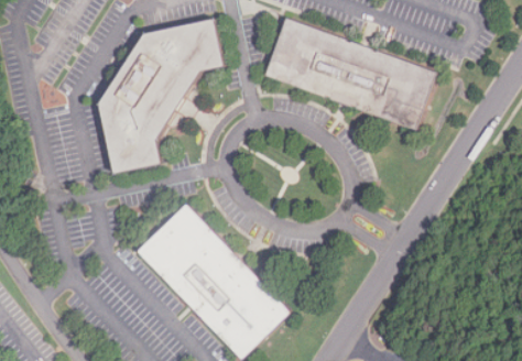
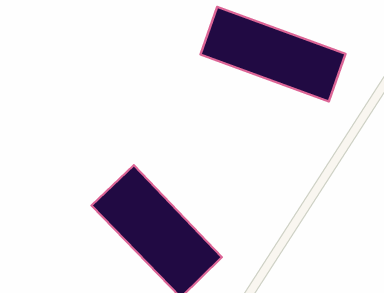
building: [99,19,224,174] -> none

